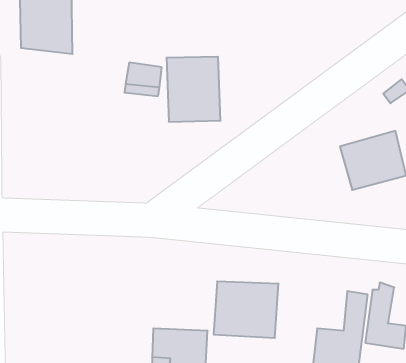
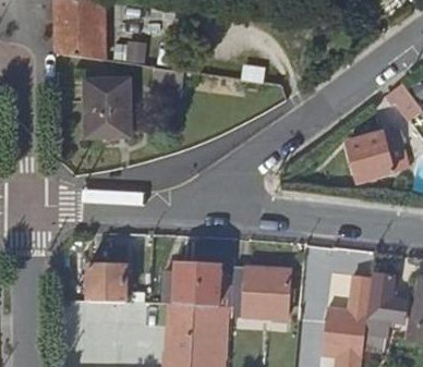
building: [166,57,221,122] -> [84,82,133,140]
building: none -> [176,264,220,305]
building: none -> [87,265,125,301]

